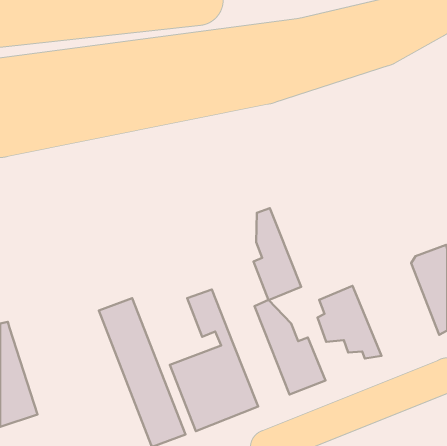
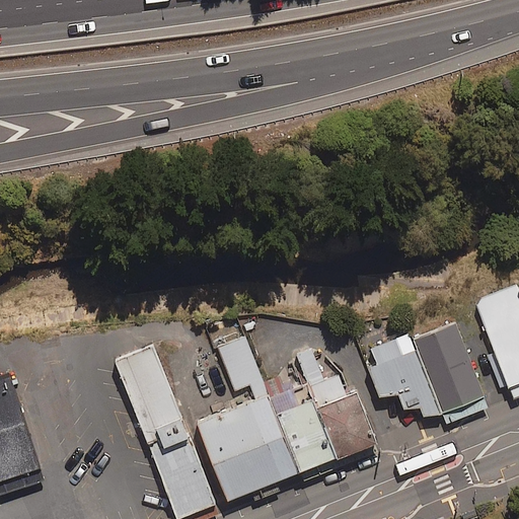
building: [254,208,301,300] -> none
building: none -> [412,322,484,414]
building: none -> [270,384,336,472]

